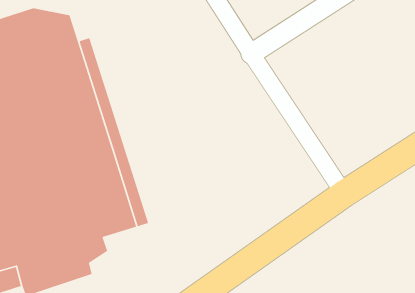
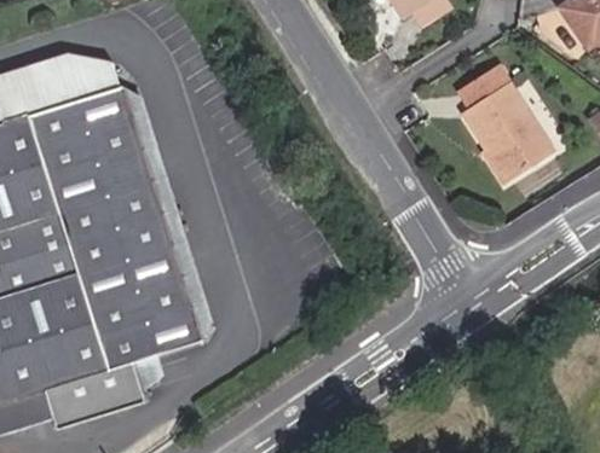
building: none -> [458,66,549,178]

